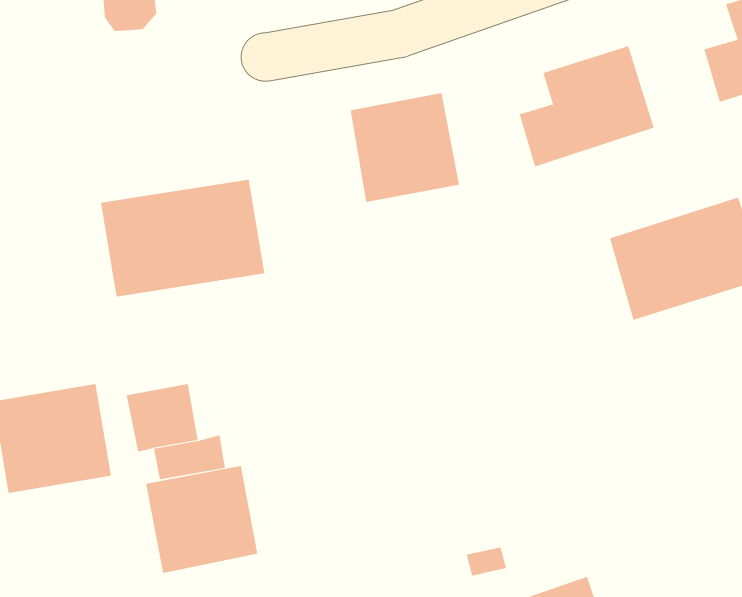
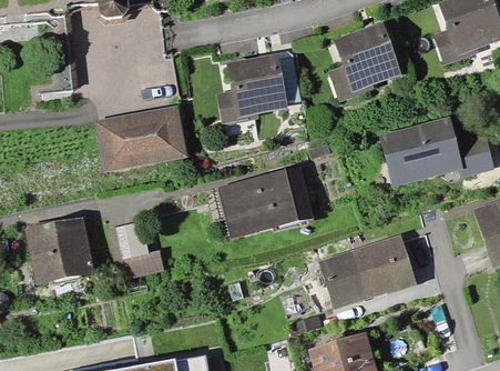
building: none -> [220,167,315,239]
building: none -> [322,234,415,307]
building: [145,465,258,574] -> none

